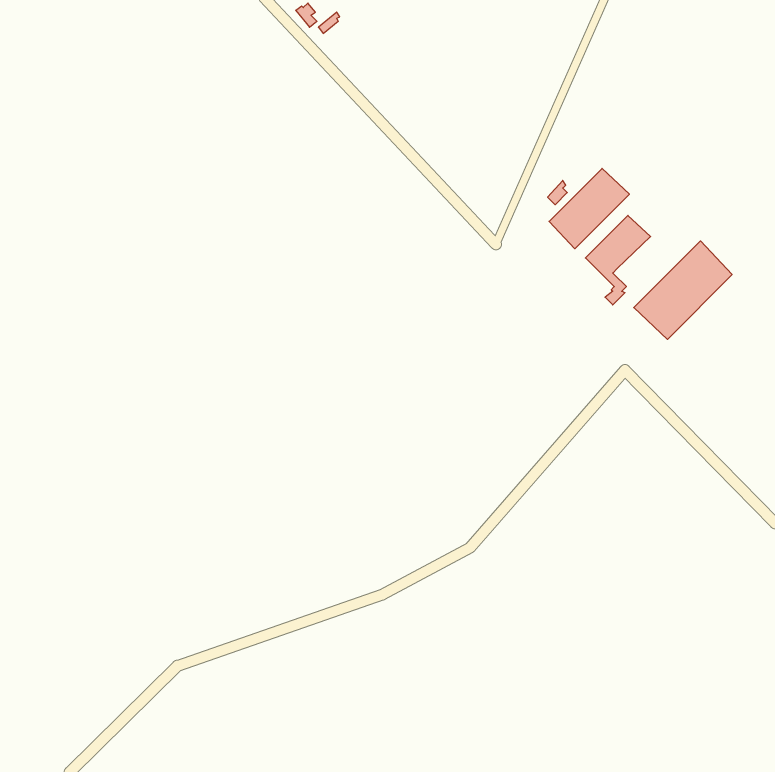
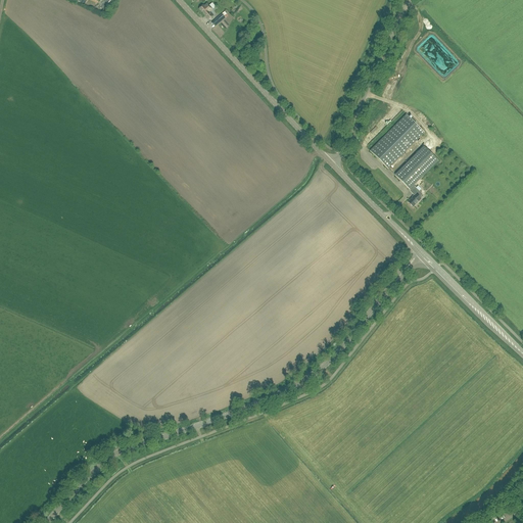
building: [634,241,732,339] -> none

